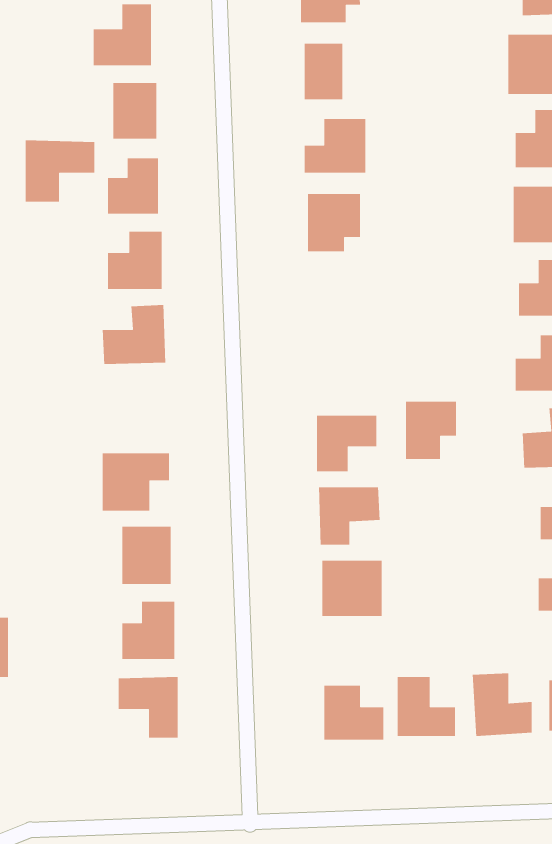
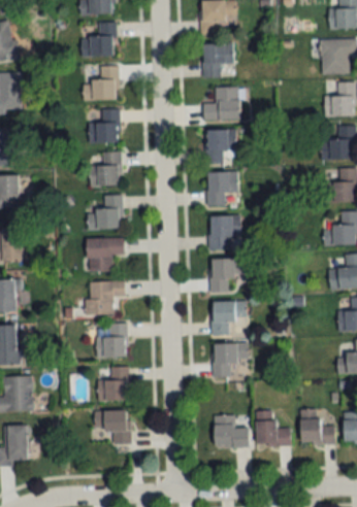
building: [25,140,95,202] -> none
building: none -> [206,173,236,205]
building: none -> [86,238,123,271]
building: [405,401,457,460] -> [209,216,239,250]

